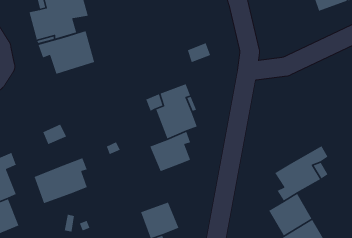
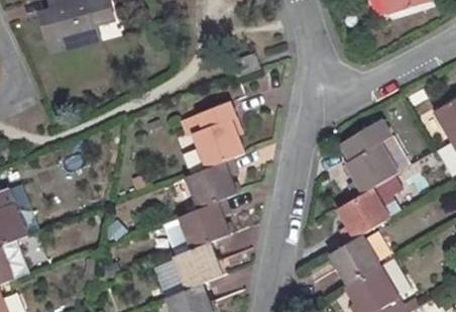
building: [38,30,95,75] -> none
building: none -> [339,119,397,197]
building: [33,157,88,204] -> [162,199,228,255]

